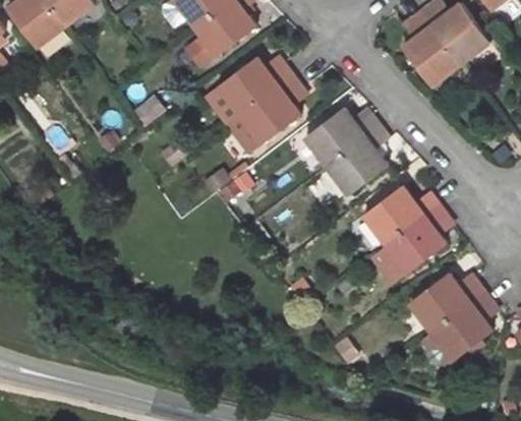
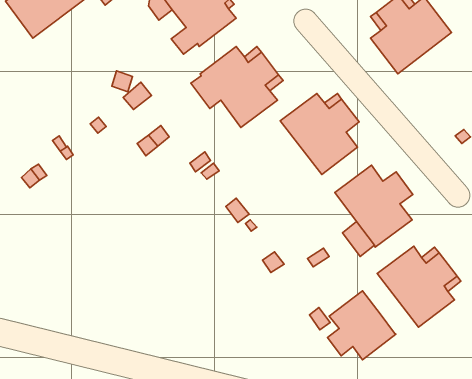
building: none -> [327,291,396,360]

